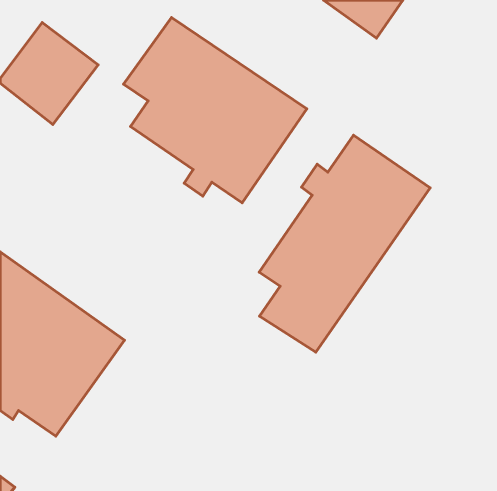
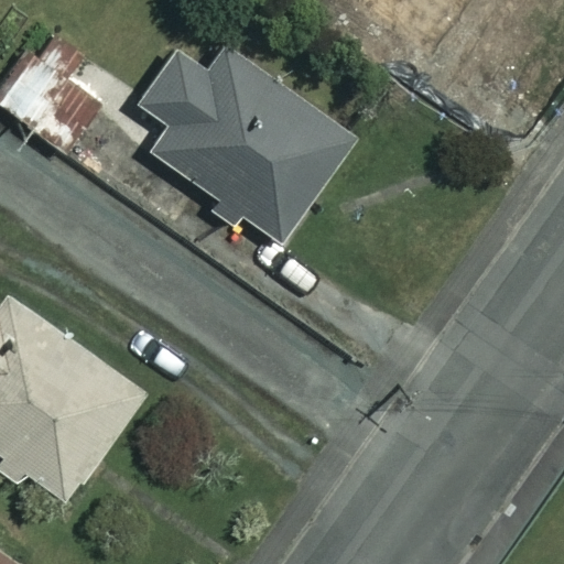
building: [259,135,430,352] -> none

